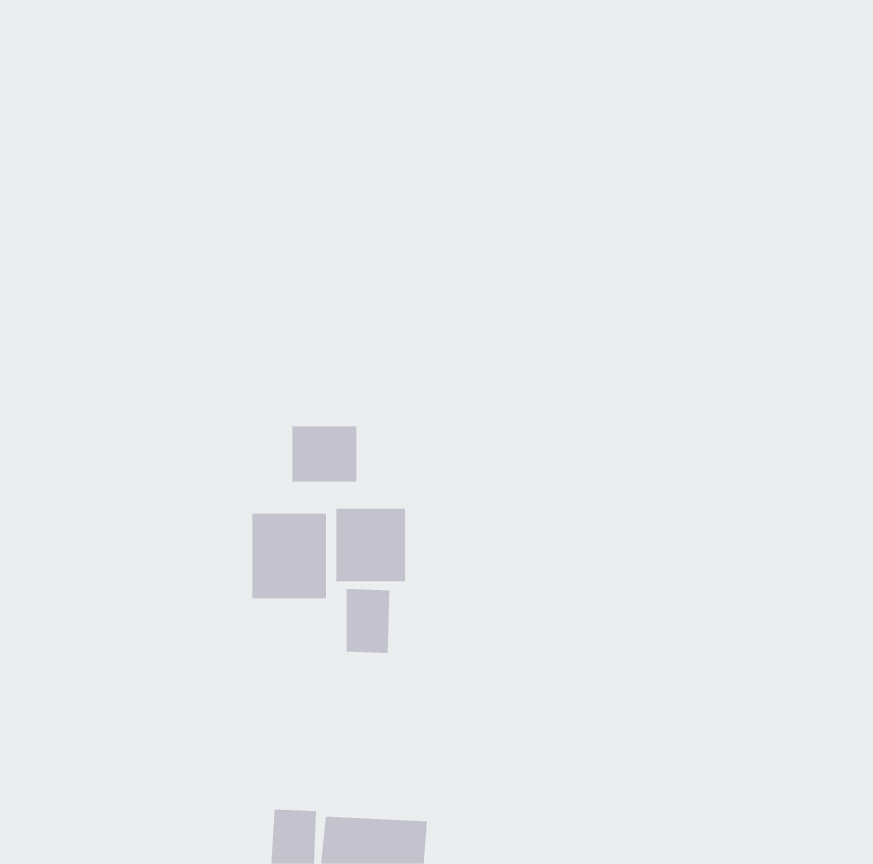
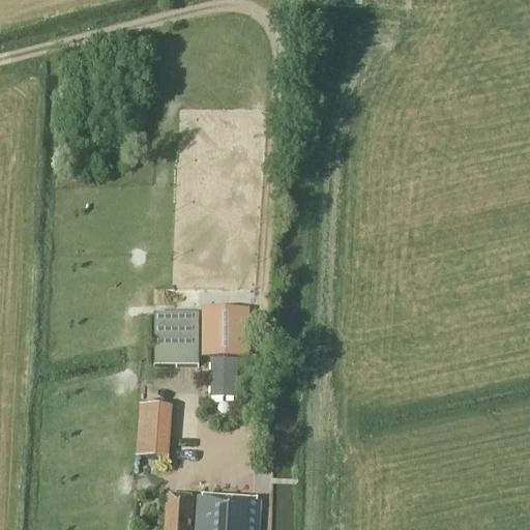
building: [292,425,357,483] -> none
building: none -> [136,402,172,457]

